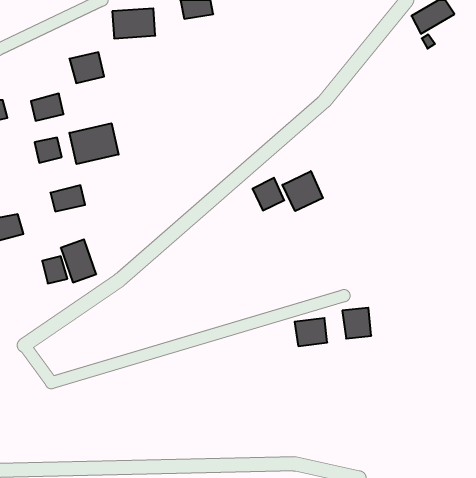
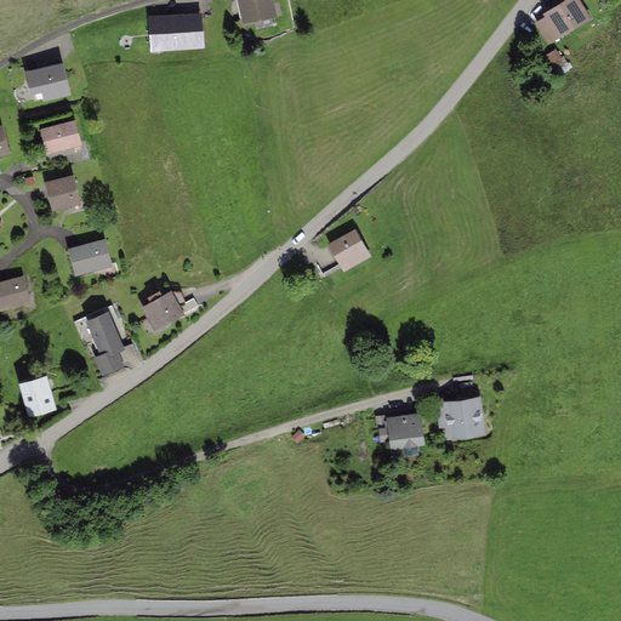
building: [69,52,104,83] -> [27,64,72,104]
building: [69,123,119,164] -> none
building: [282,171,323,211] -> none
building: none -> [142,294,183,331]
building: [42,256,67,283] -> [21,378,53,414]

